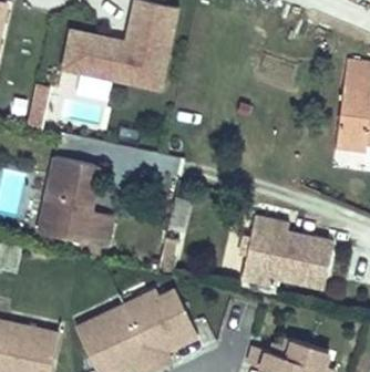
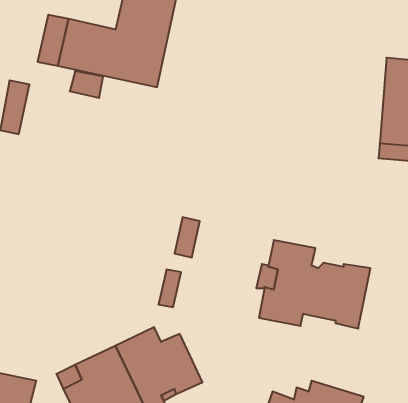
building: [40,155,115,247] -> none

